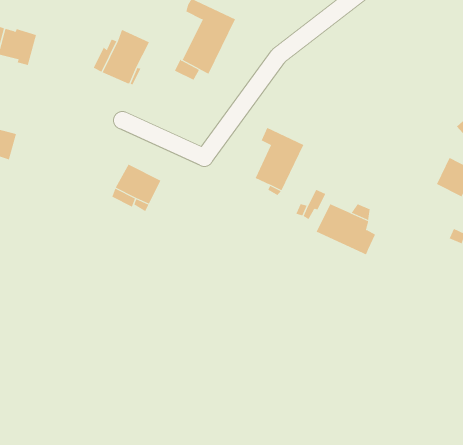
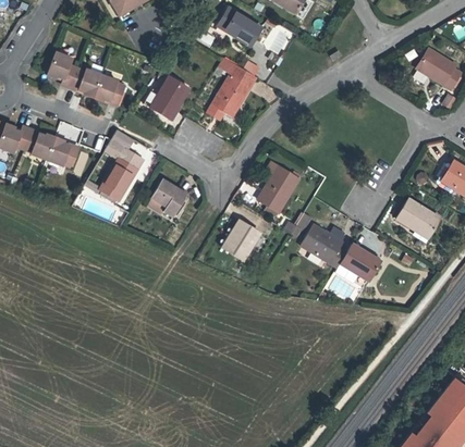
building: none -> [94,74,126,103]
building: none -> [99,129,143,200]
building: none -> [222,221,260,260]
building: none -> [340,244,380,281]

